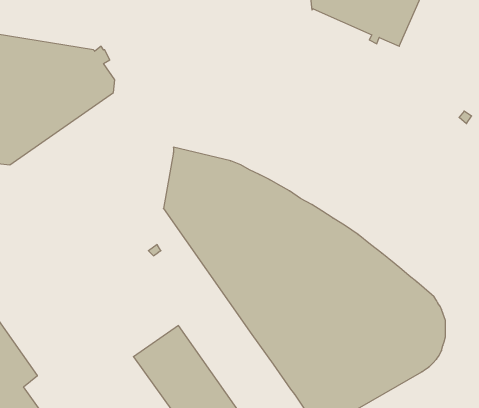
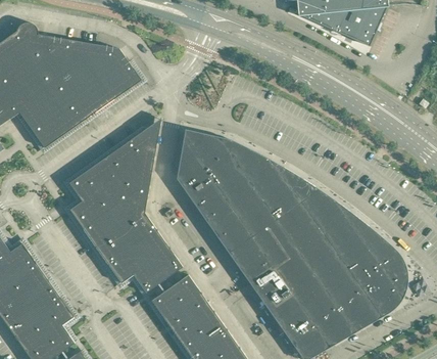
building: none -> [69,119,183,293]

